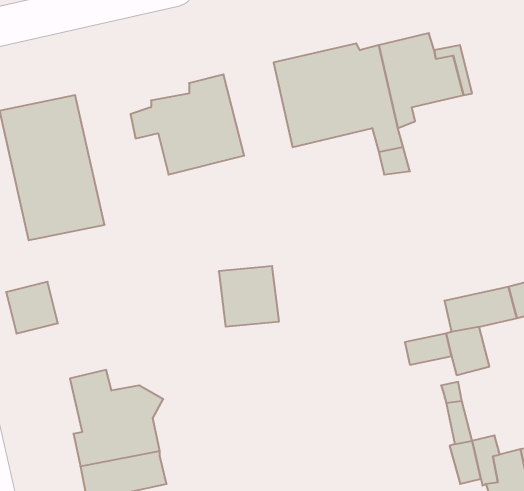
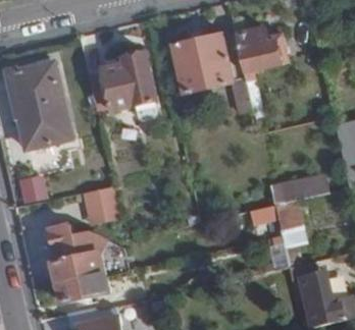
building: [219,266,279,327] -> [79,188,114,224]

